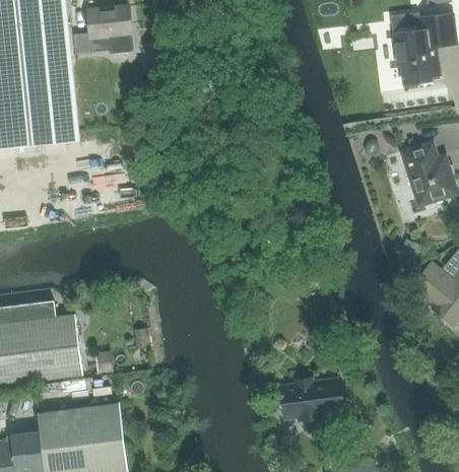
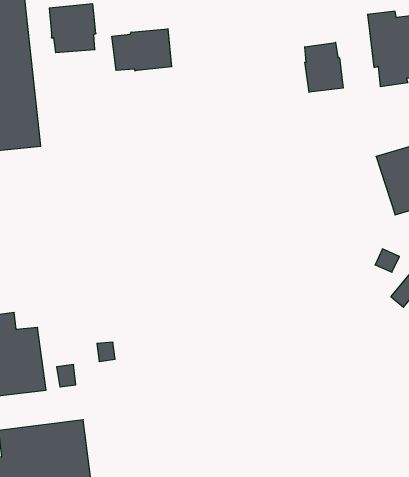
building: none -> [112,29,172,71]
building: none -> [305,42,343,92]
building: [278,377,345,423] -> none

